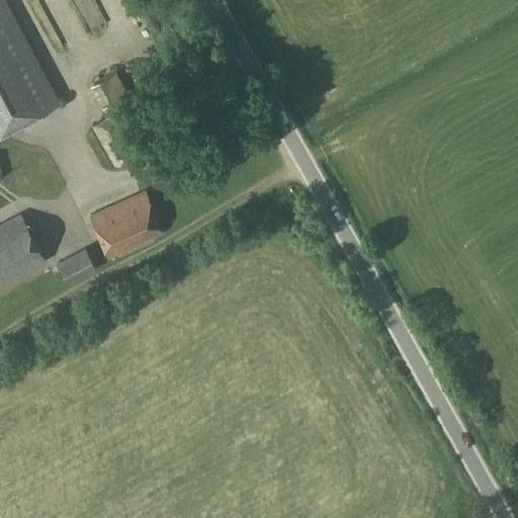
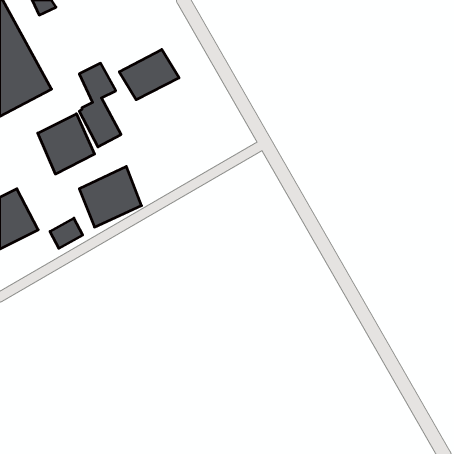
building: none -> [119,49,179,100]
building: none -> [38,114,95,174]

